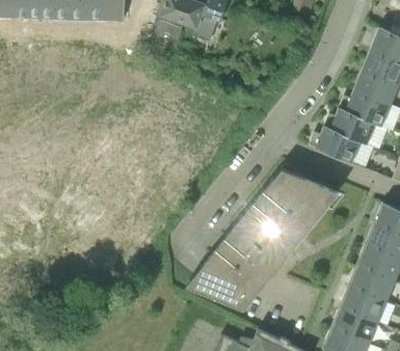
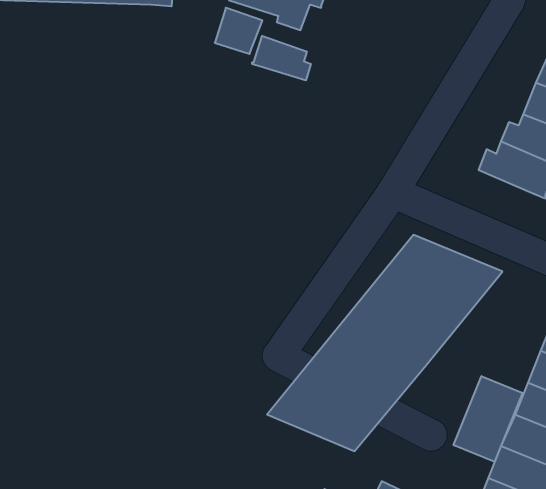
building: none -> [252,36,311,80]
building: [309,127,361,163] -> none
building: none -> [454,376,523,462]

